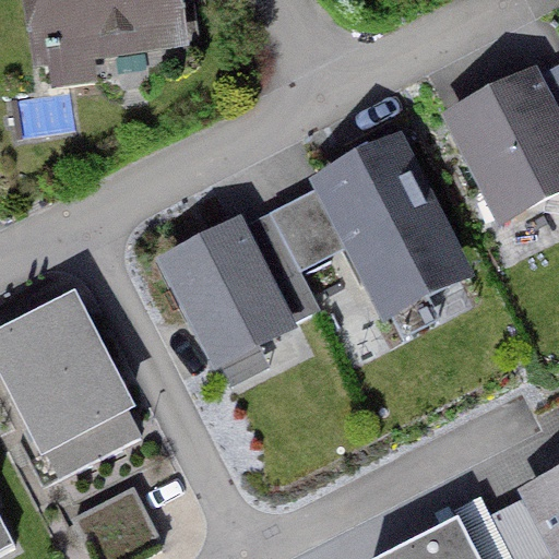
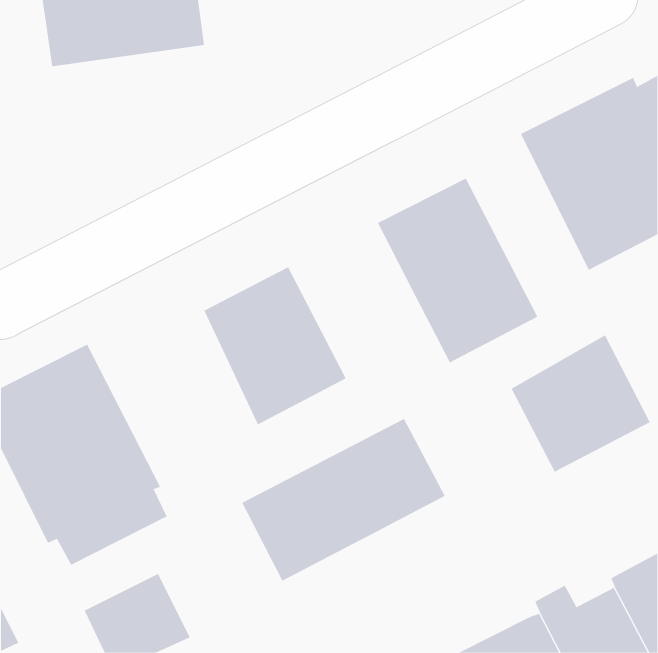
building: [245,189,348,321] -> none
building: none -> [511,334,651,472]
building: none -> [242,418,446,581]

